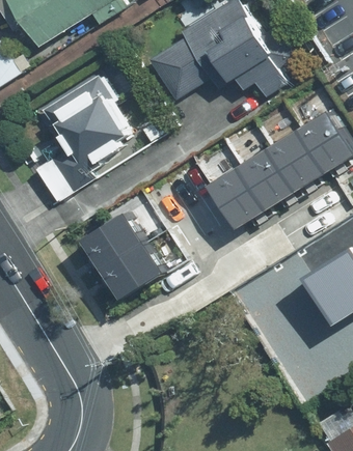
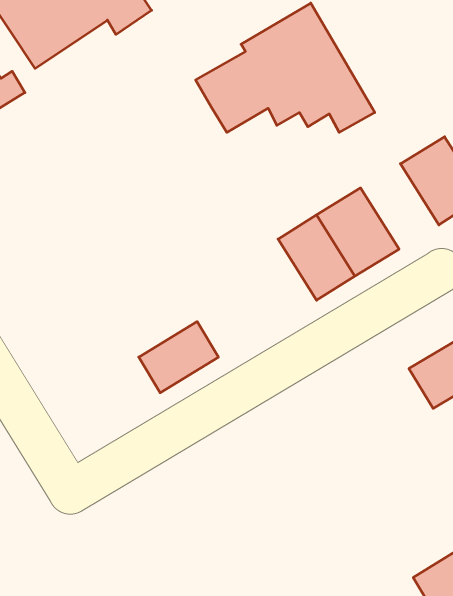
building: [37,84,136,199] -> none
building: [272,123,329,186] -> none
building: [89,204,153,264] -> none

